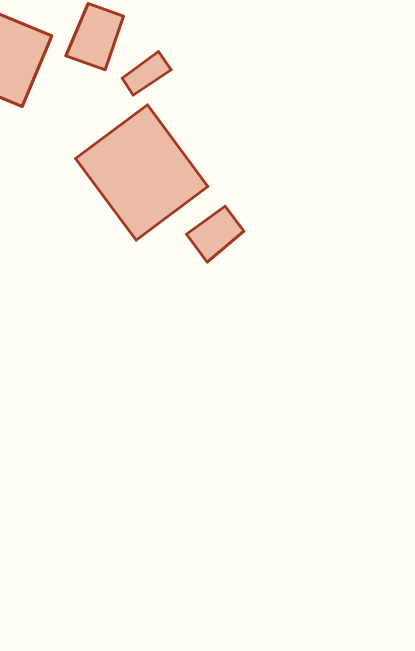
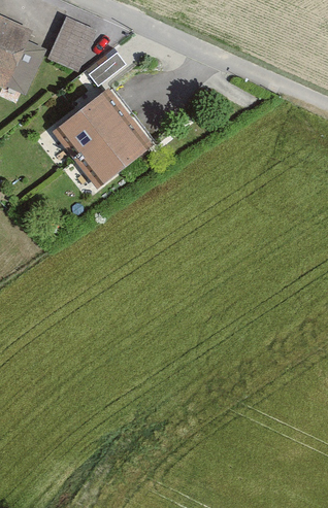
building: [187,206,244,262] -> none

